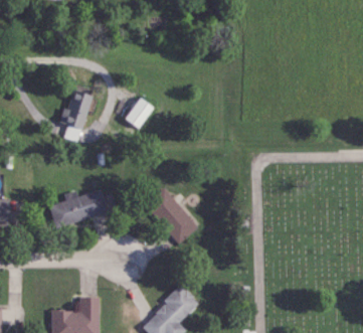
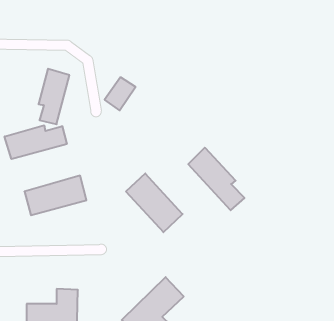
building: none -> [5,125,67,159]
building: none -> [188,148,244,210]

